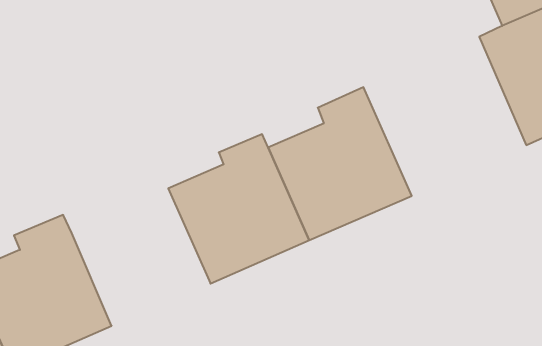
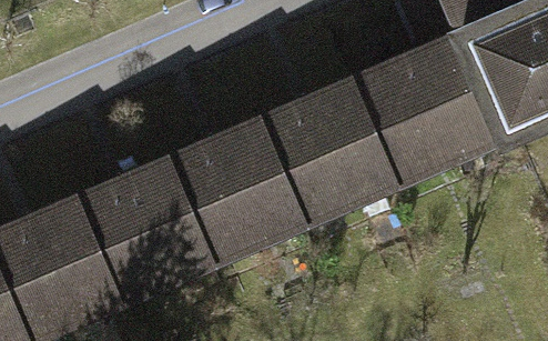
building: none -> [343,37,493,183]
building: none -> [74,160,202,303]

